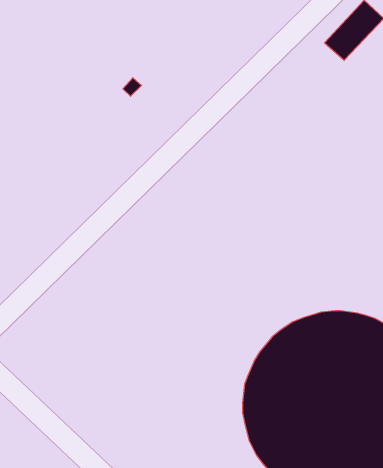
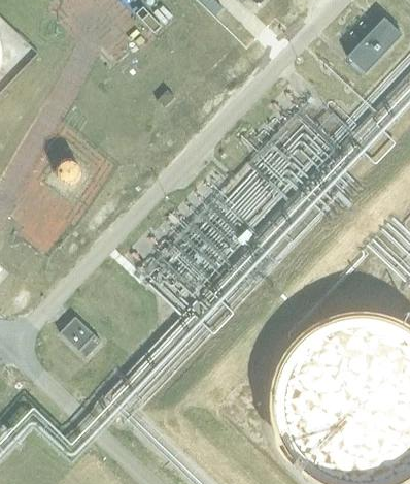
building: none -> [60,315,101,356]

